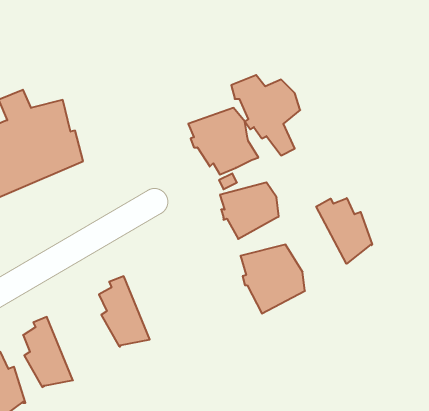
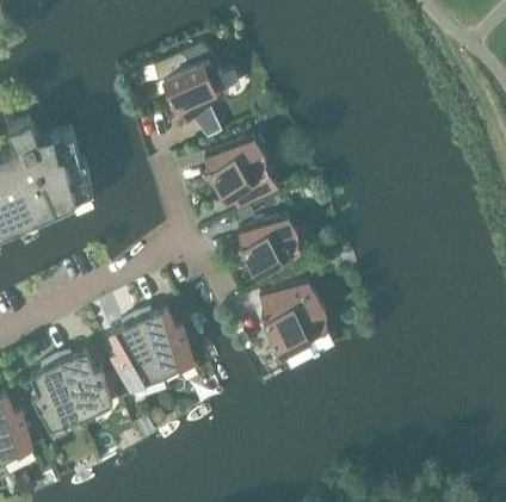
building: [231,75,300,155] -> [155,56,228,141]
building: [316,198,372,264] -> none
building: none -> [136,309,195,383]
building: none -> [55,352,112,426]

